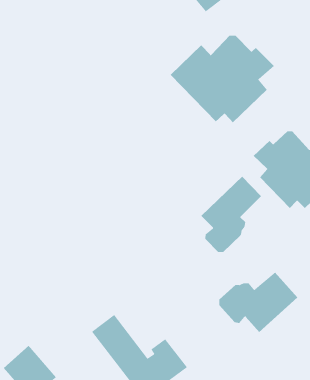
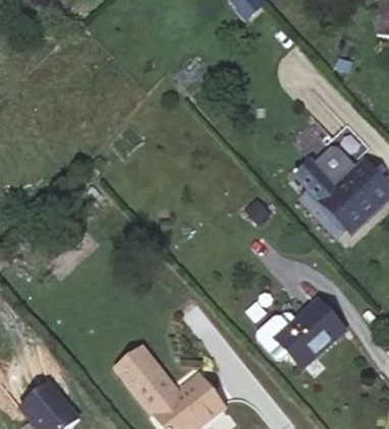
building: [170,35,275,123] -> none
building: [200,176,262,253] -> none

